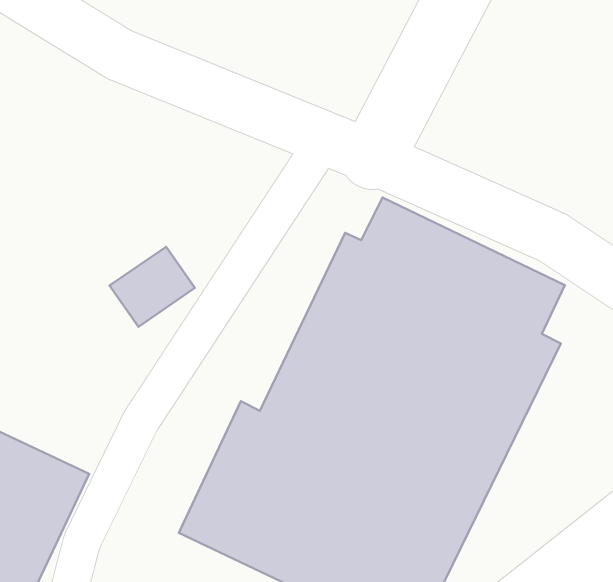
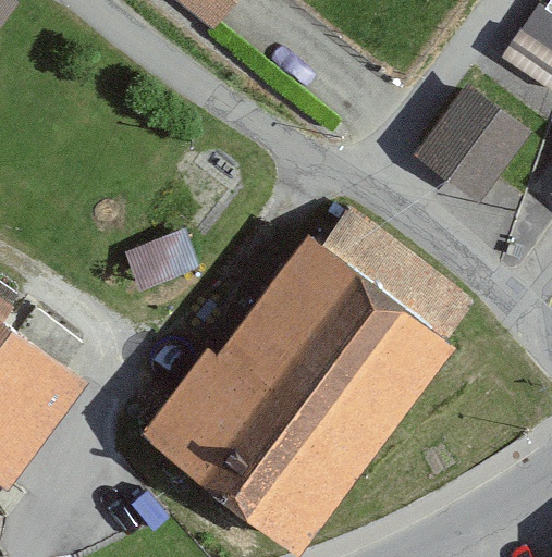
building: none -> [410,88,518,196]

